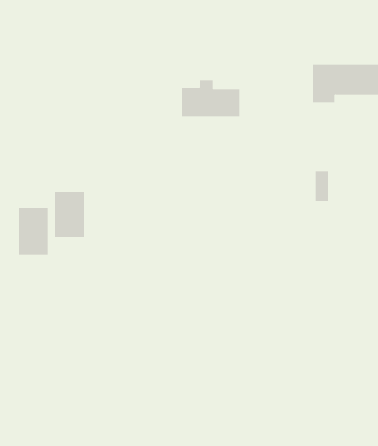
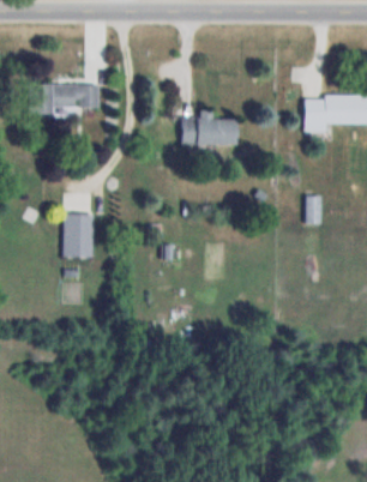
building: none -> [26,84,100,112]
building: [19,207,48,256] -> none

